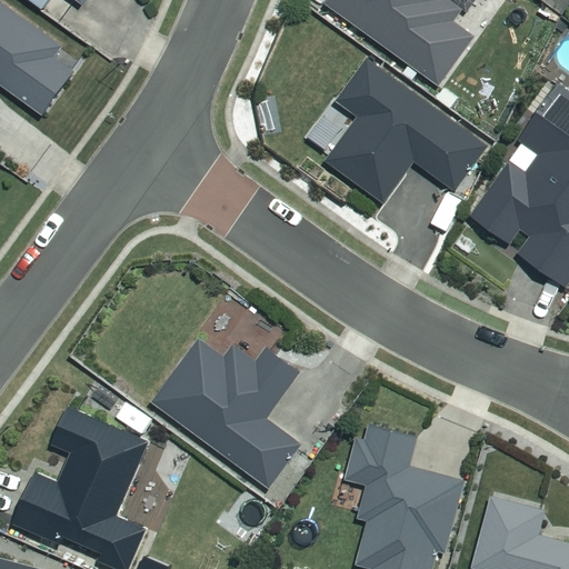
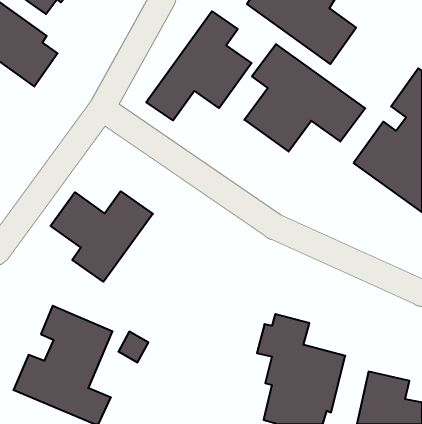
building: none -> [146,11,252,120]
building: none -> [51,191,153,282]
building: [152,339,301,488] -> none

